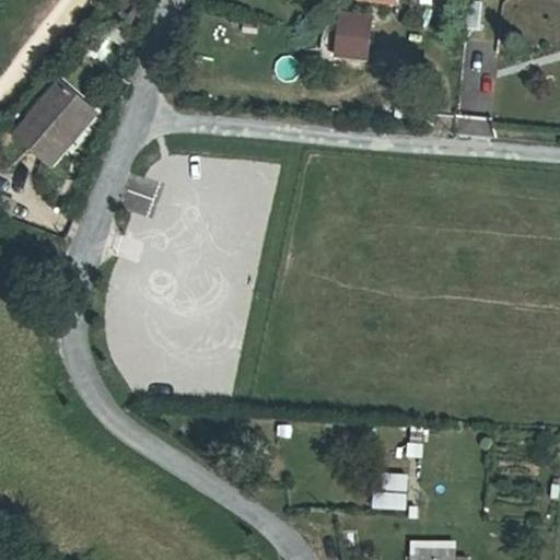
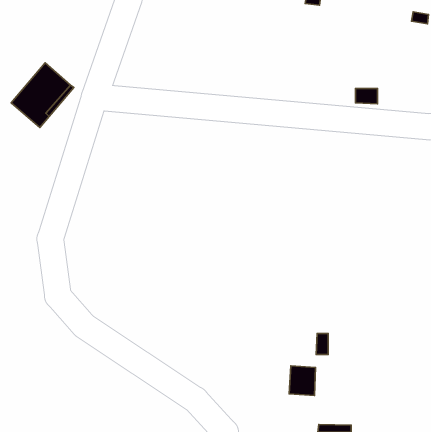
building: [334,13,366,58] -> none

